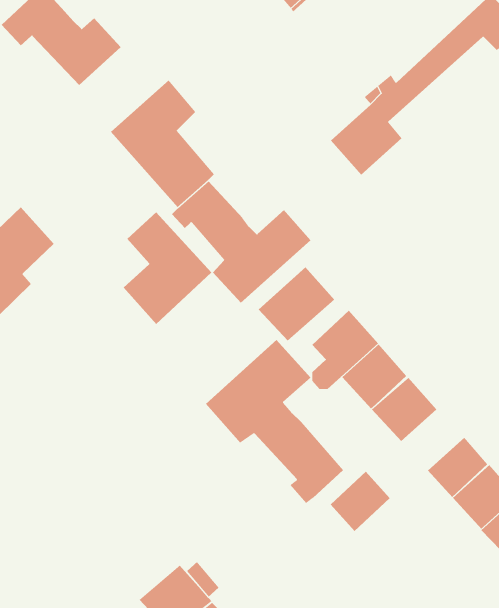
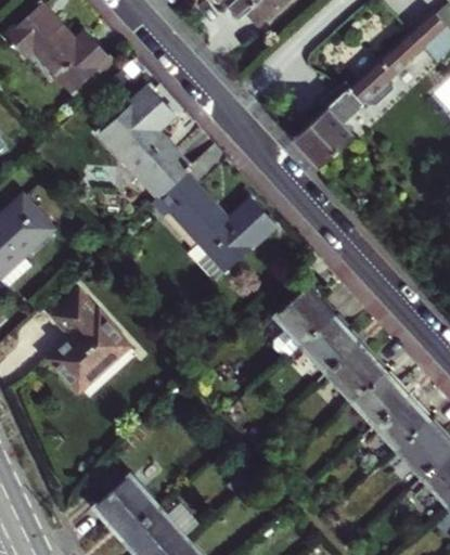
building: [123,212,212,325] -> [50,293,128,391]
building: [258,266,335,341] -> none
building: [205,339,344,504] -> none
building: [330,471,391,532] -> [355,374,408,427]
building: none -> [97,477,160,540]

